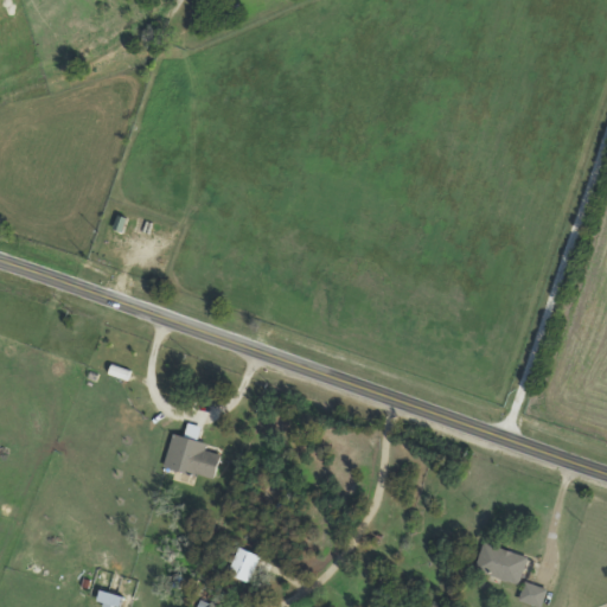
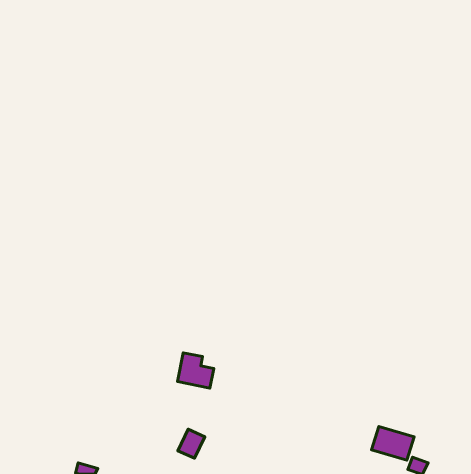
building: [173,433,219,478] -> [177,353,214,388]

